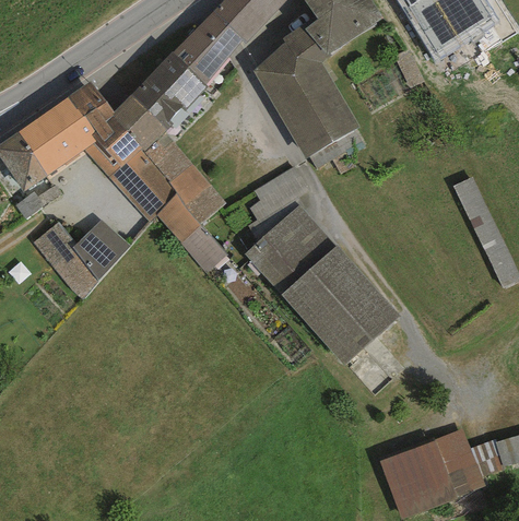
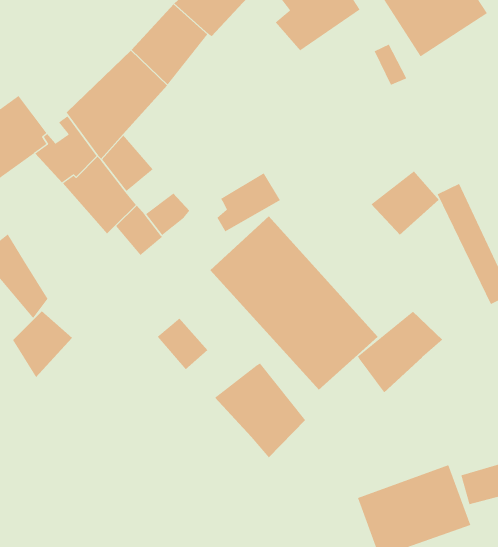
building: [253,25,359,157] -> none
building: [69,79,114,139] -> none
building: [167,163,211,204] -> none
building: none -> [370,171,440,235]
building: [74,220,130,282] -> [12,310,73,378]
building: [180,225,227,273] -> [157,318,208,370]
building: none -> [357,311,443,393]
building: none -> [214,363,306,458]

